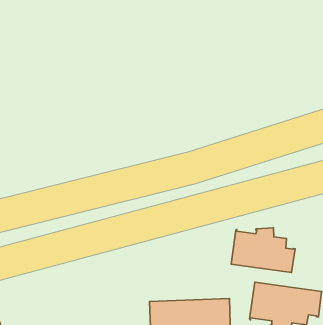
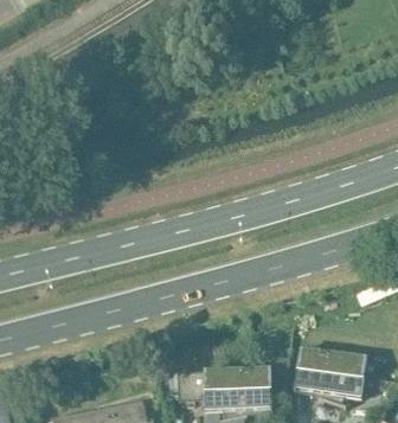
building: [231,228,295,272] -> none

